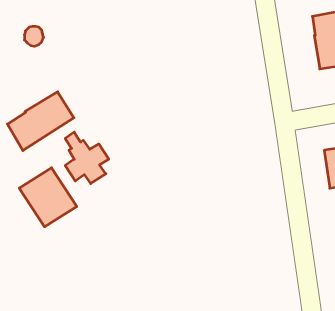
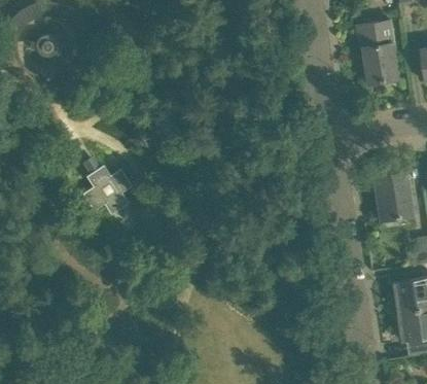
building: [7,92,74,151] -> none
building: [19,168,77,227] -> none

